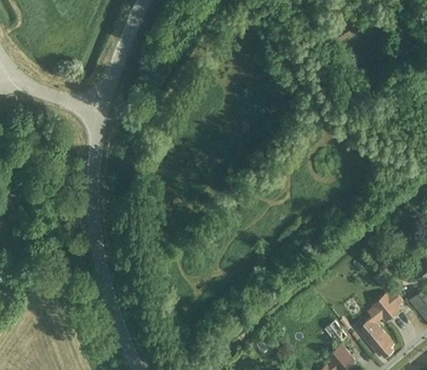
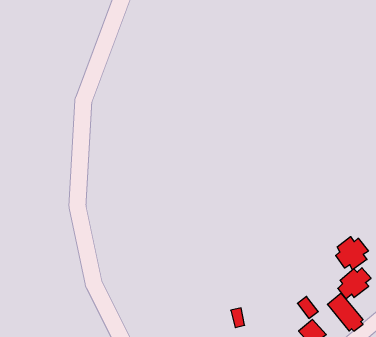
building: none -> [336,237,368,270]

